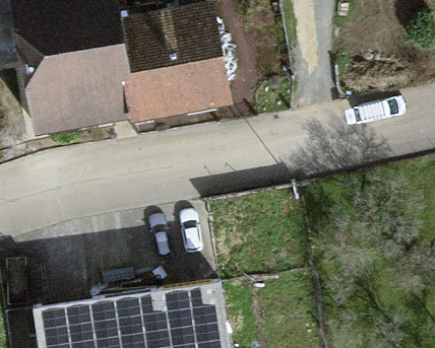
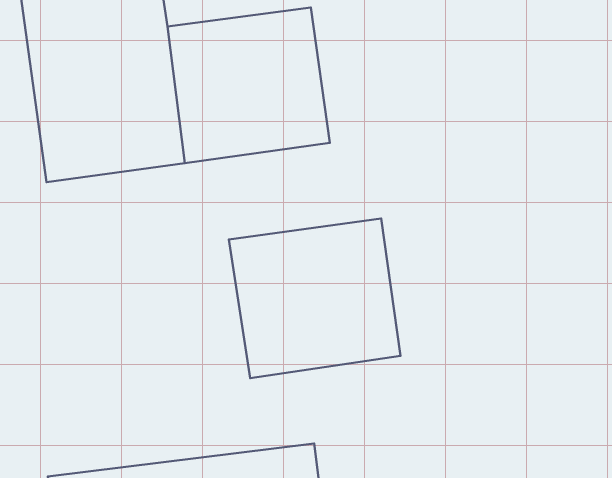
building: none -> [229,219,400,378]

